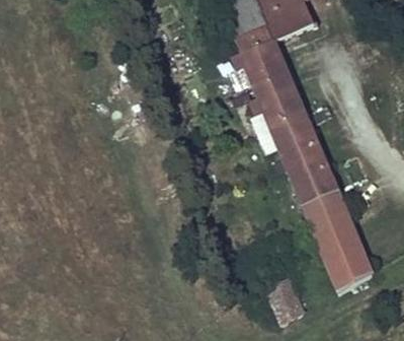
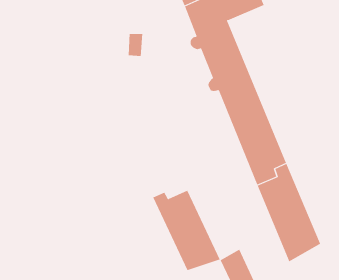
building: none -> [153,190,221,271]

